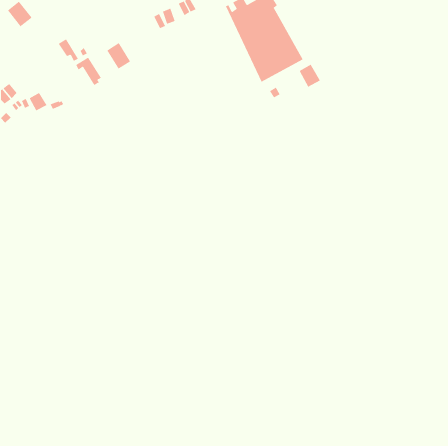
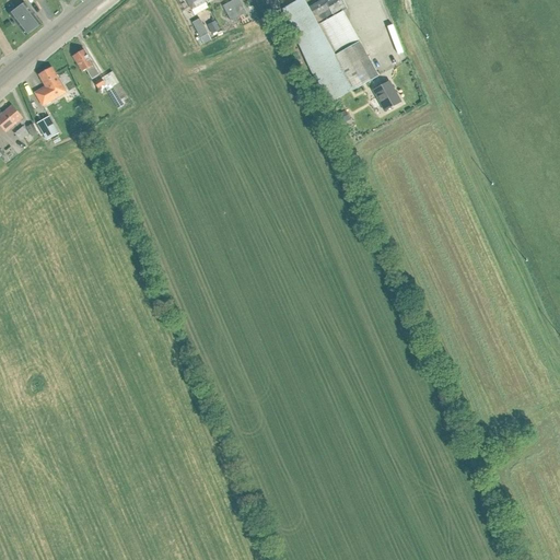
building: [106,42,131,70] -> none
building: none -> [35,66,67,104]

